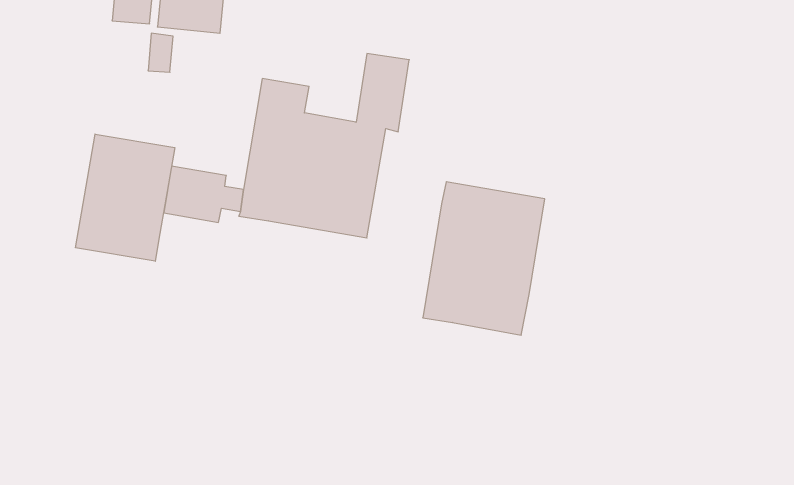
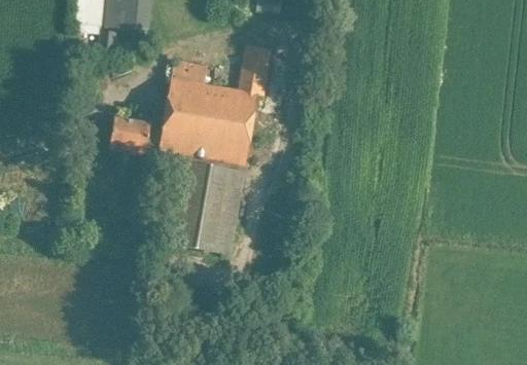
building: [76,134,175,261] -> none
building: [423,182,545,335] -> [164,153,244,254]

